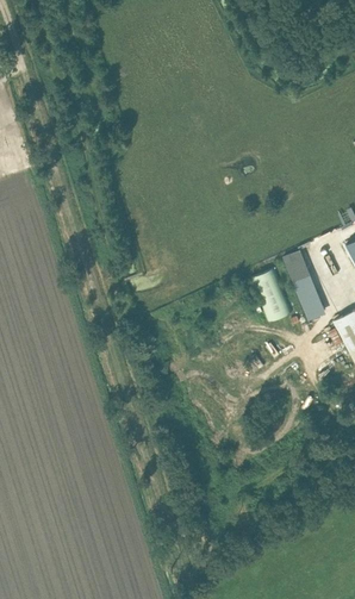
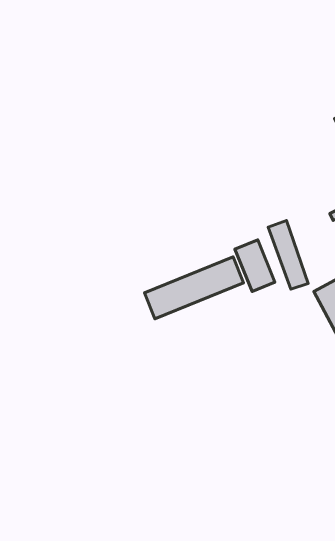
building: none -> [145,257,244,319]

